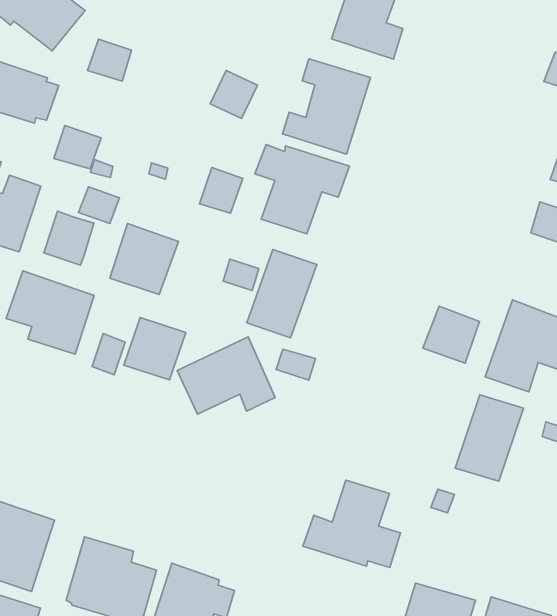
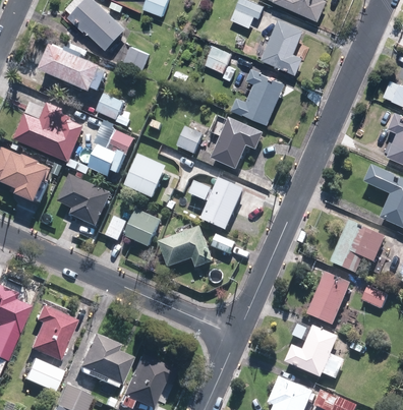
building: [210,71,258,119] -> [206,45,234,73]
building: [423,306,479,363] -> none
building: [303,480,400,568] -> [288,326,345,378]

